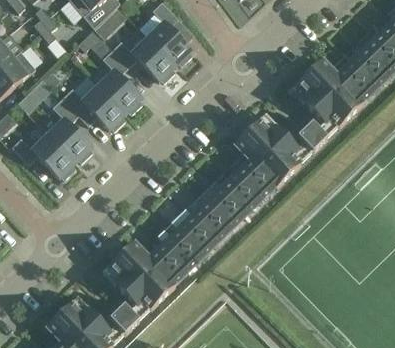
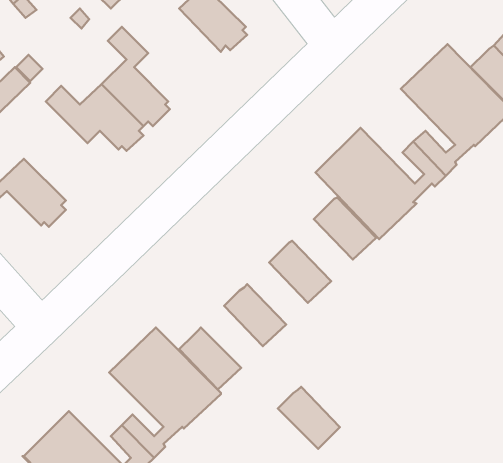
building: [110,37,174,81] -> none
building: [47,97,91,161] -> none
building: [220,173,259,213] -> none
building: [191,201,230,241] -> none
building: [161,229,201,269] -> [278,387,340,449]

